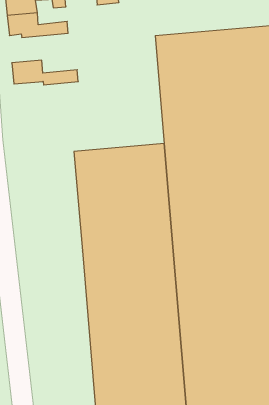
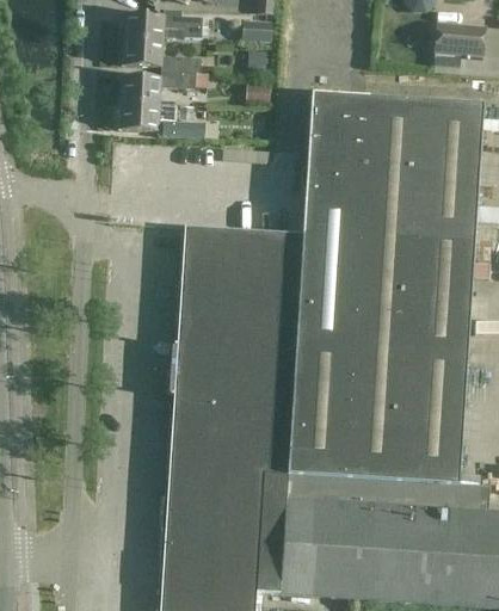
building: none -> [121,69,209,103]

